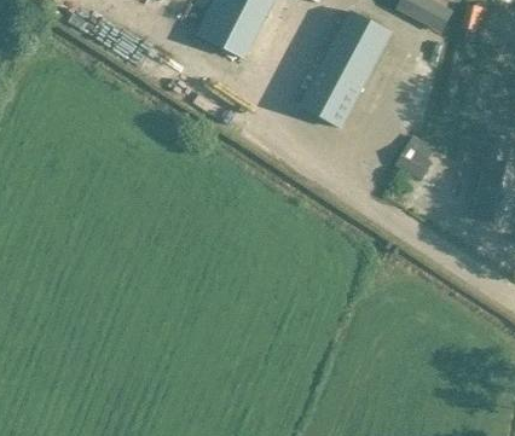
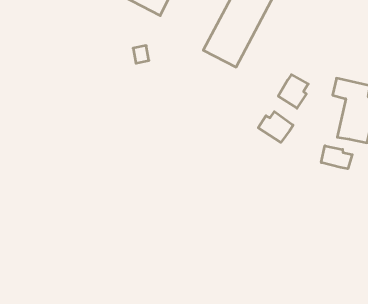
building: none -> [258,112,293,142]
building: none -> [321,146,352,169]

